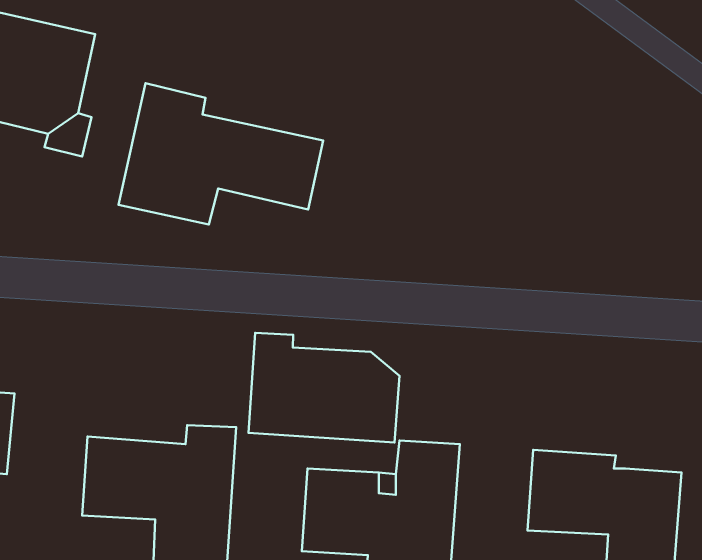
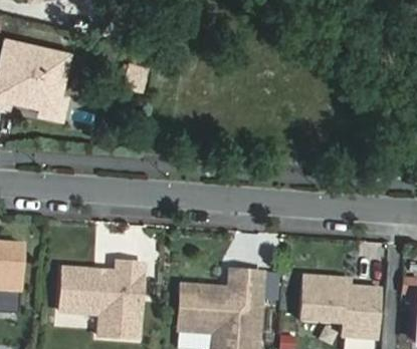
building: [118,83,323,224] -> none
building: [248,333,400,442] -> none

